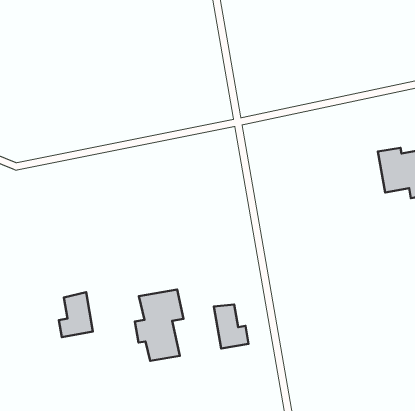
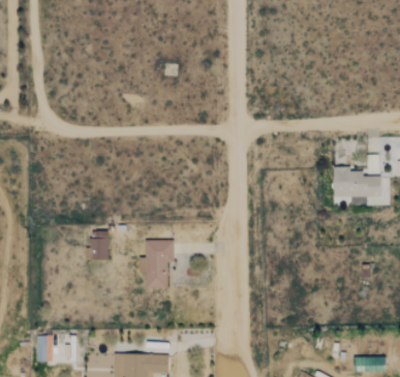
building: [214,305,249,349] -> none

